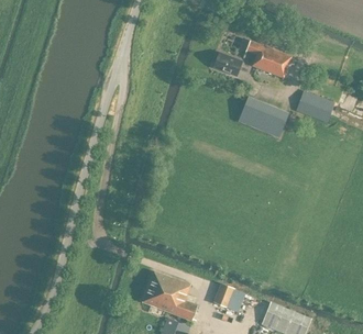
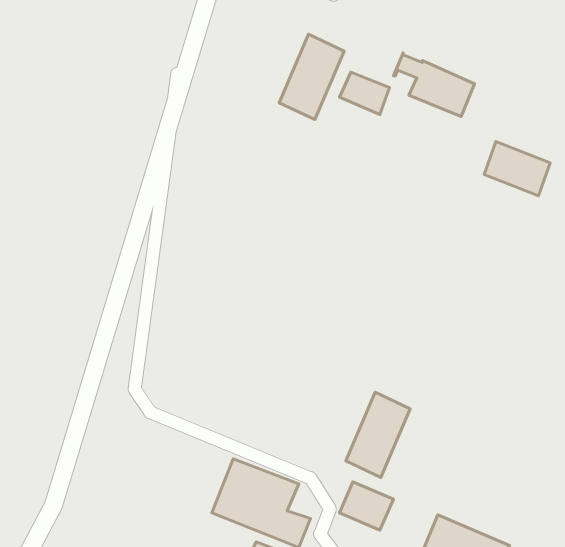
building: none -> [279,34,344,120]
building: [238,96,288,137] -> none
building: none -> [346,392,410,477]

